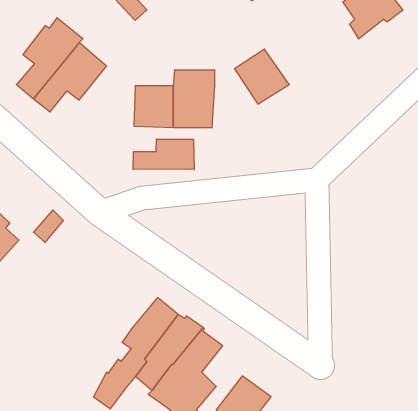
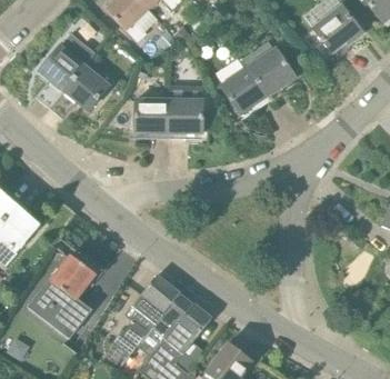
building: none -> [246,47,296,97]
building: [133,139,194,170] -> none
building: none -> [42,251,98,338]

